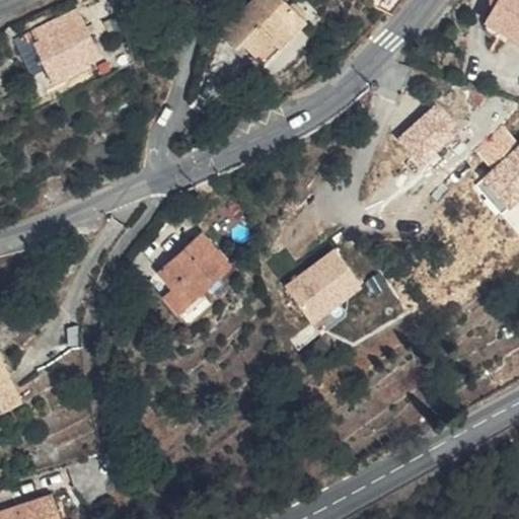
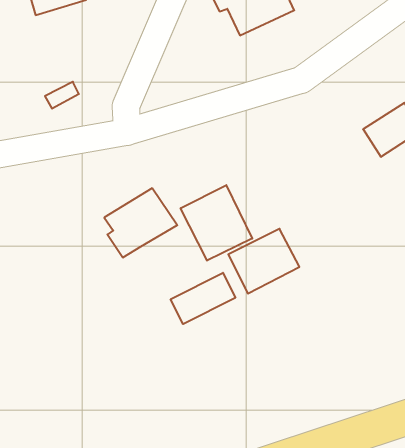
building: none -> [181,185,252,261]
building: none -> [171,273,235,324]

